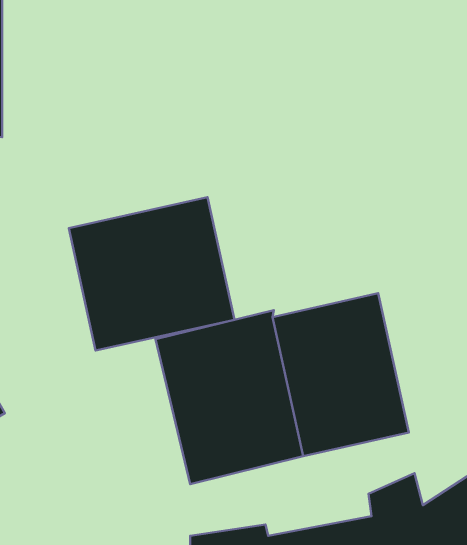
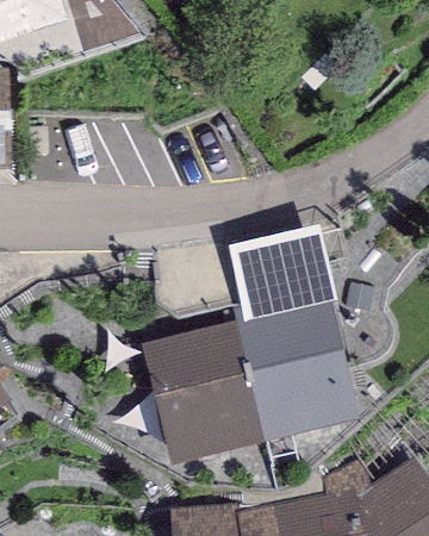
building: [69,197,234,351] -> none
building: none -> [228,226,337,324]

